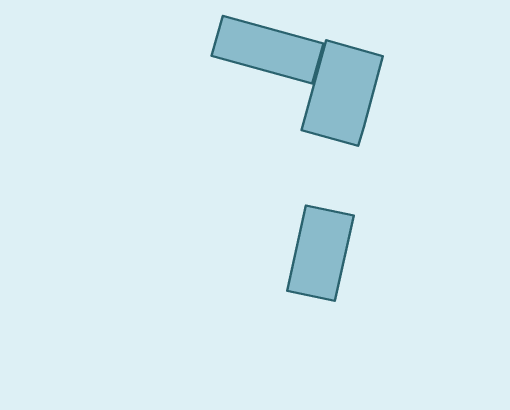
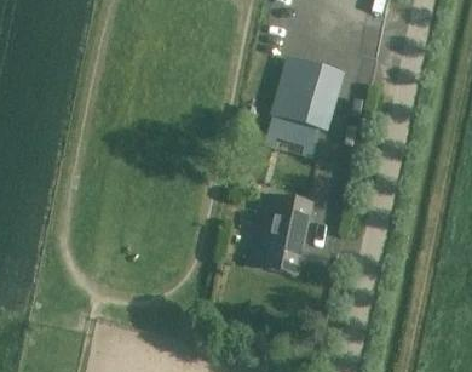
building: [212,16,323,83] -> none

